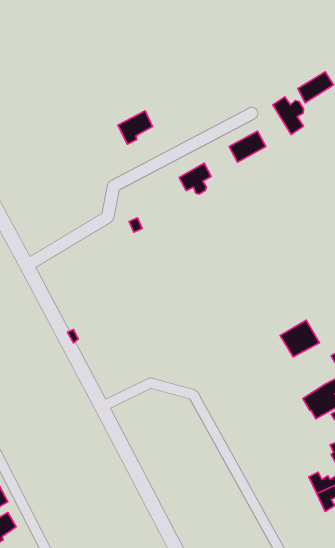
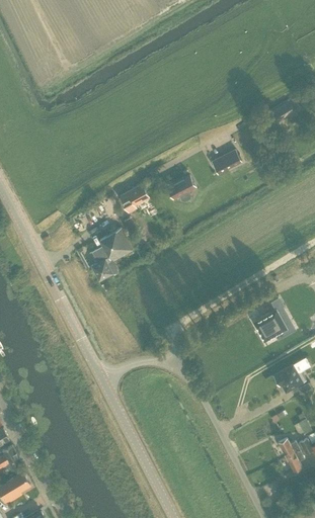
building: [273,97,303,134] -> none
building: [118,111,152,144] -> [119,183,148,211]
building: none -> [88,229,133,279]

